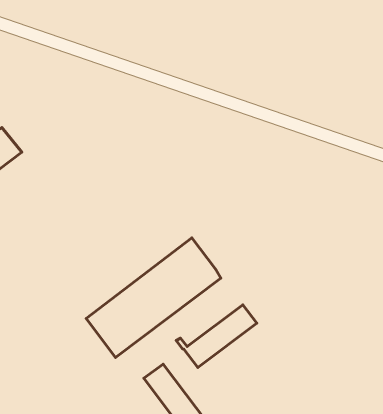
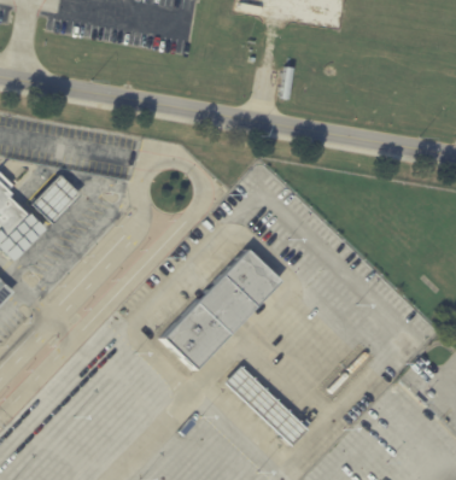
building: [176,305,257,367] -> none

